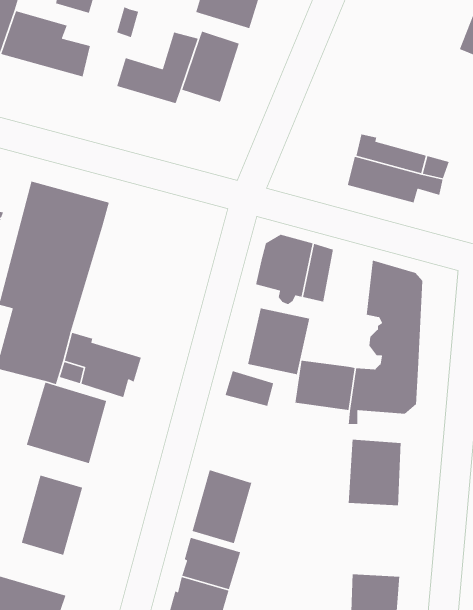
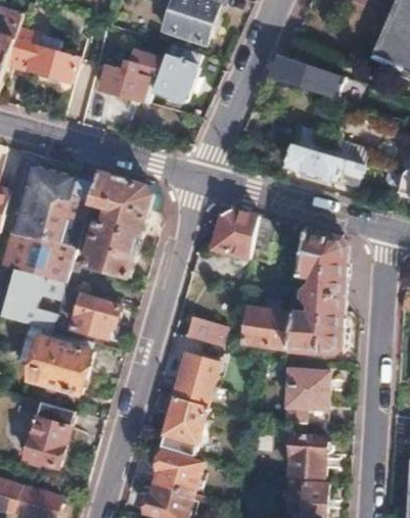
building: none -> [262,55,327,95]
building: none -> [81,170,150,276]
building: [247,307,310,375] -> none
building: none -> [173,356,218,407]
building: none -> [287,437,325,476]

